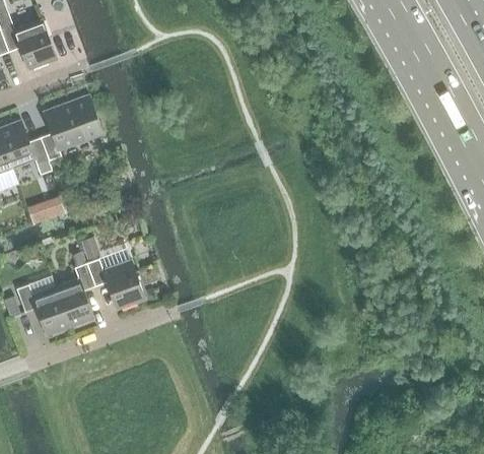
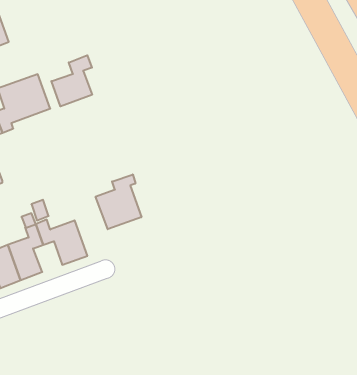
building: none -> [51,55,92,106]
building: none -> [96,174,141,229]

